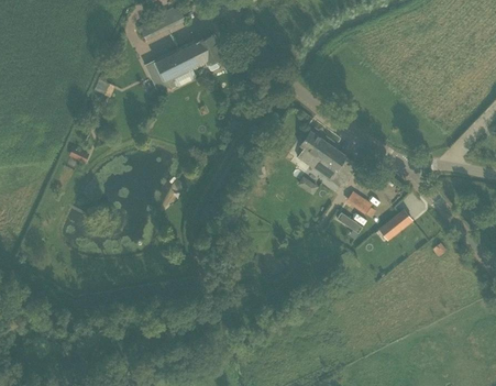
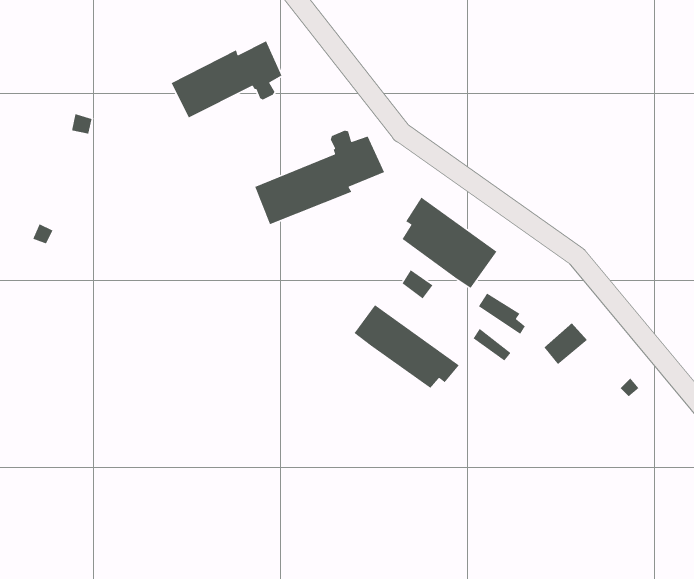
building: none -> [254,130,385,225]
building: none -> [354,304,460,389]

